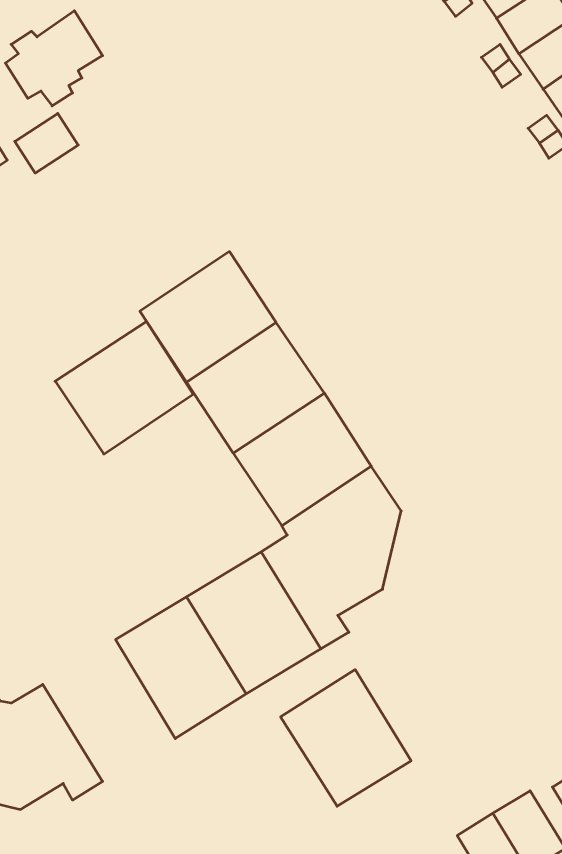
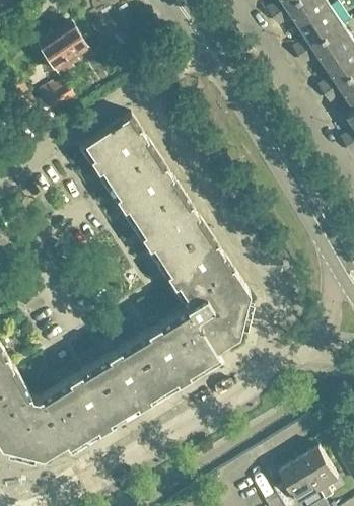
building: [55,322,193,454] -> [83,116,158,188]
building: none -> [57,366,129,443]
building: [281,670,411,806] -> none

